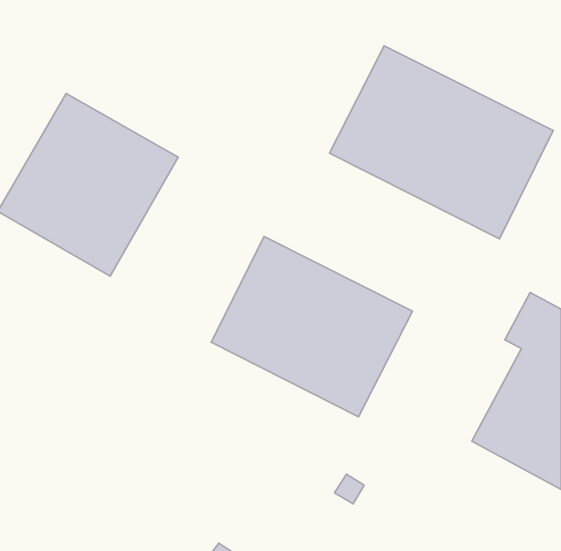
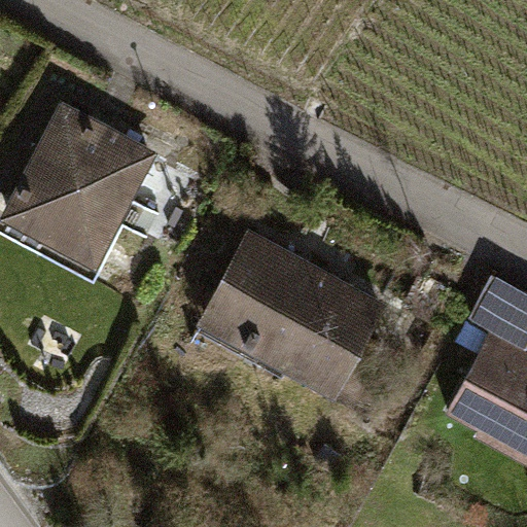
building: [330,46,553,239] -> none

